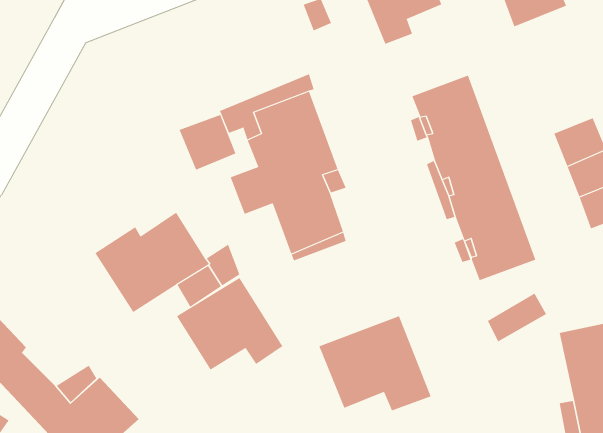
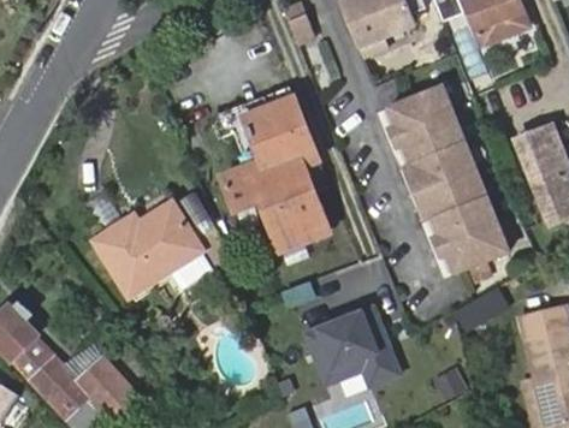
building: [179,114,236,171] -> none
building: [176,277,283,371] -> none

